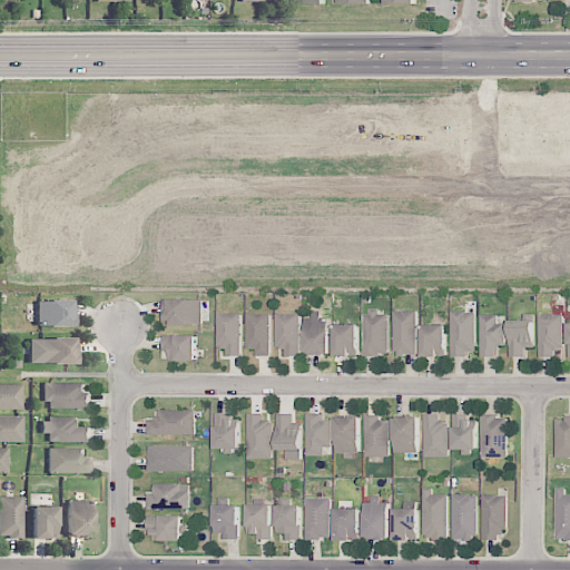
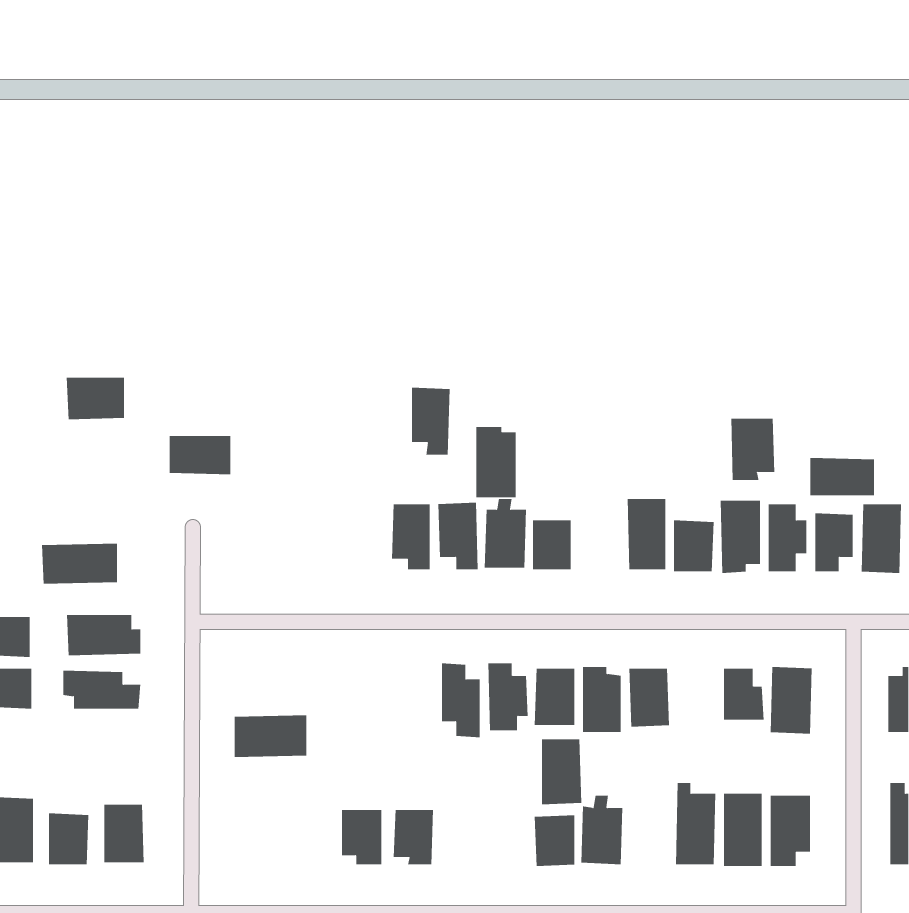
building: none -> [731,418,775,481]
building: none -> [810,457,875,496]
building: [161,299,200,324] -> [169,436,231,475]
building: [35,301,71,327] -> [66,377,125,420]
building: [361,311,386,355] -> [475,426,516,498]
building: [215,313,239,355] -> [411,387,450,455]
building: [161,335,195,361] -> none
building: [145,410,194,435] -> none
building: [246,413,269,459] -> none
building: [214,414,238,449] -> none
building: [421,414,446,456] -> none
building: [46,448,87,474] -> none
building: [145,483,187,510] -> none
building: [304,498,330,539] -> [541,739,582,805]
building: [274,505,299,539] -> none
building: [392,509,417,540] -> none
building: [145,515,180,541] -> none

